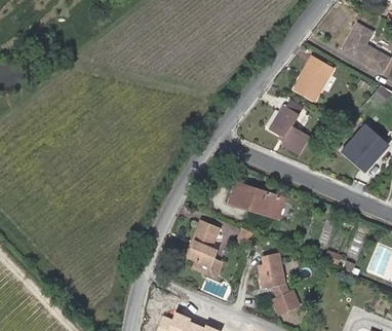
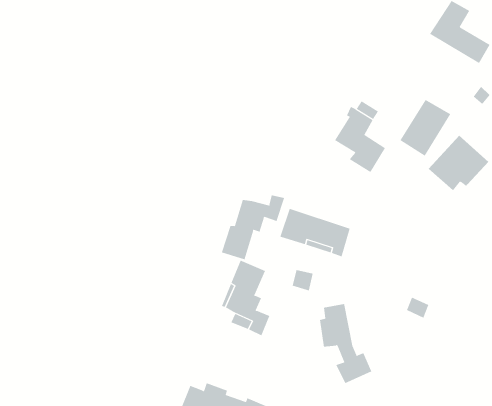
building: [293,58,332,101] -> [399,99,451,156]
building: none -> [221,195,285,260]

